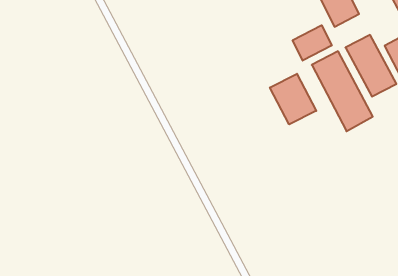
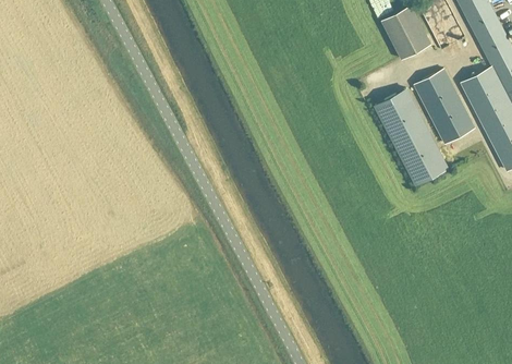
building: [293,25,332,61] -> none
building: [270,74,316,124] -> none

